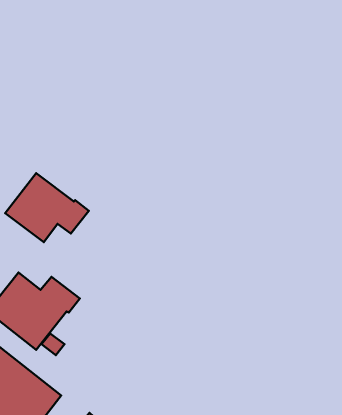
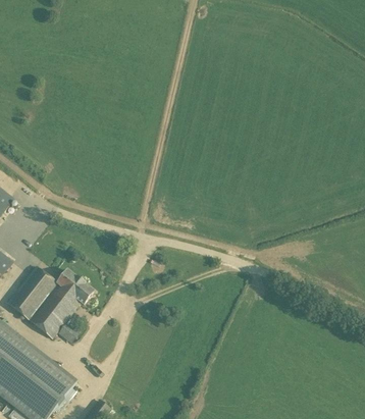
building: [5,173,89,242] -> none

